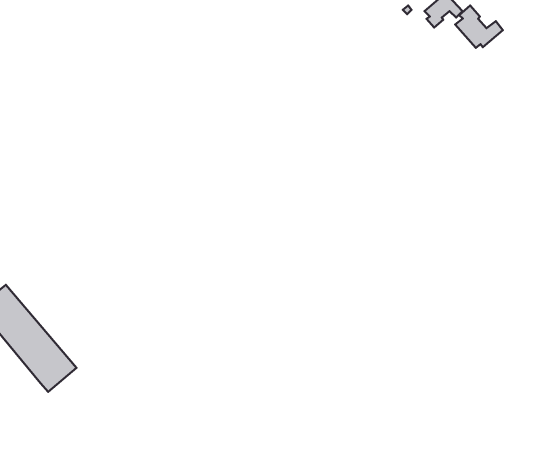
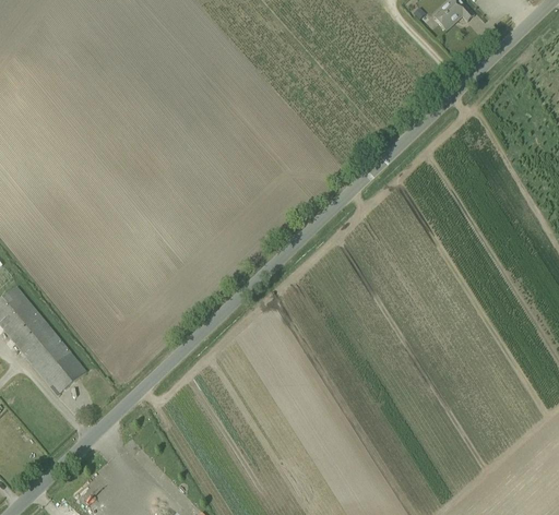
building: [455,6,503,48] -> none

